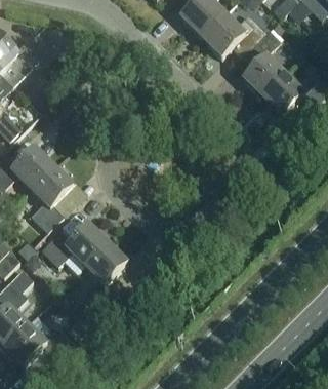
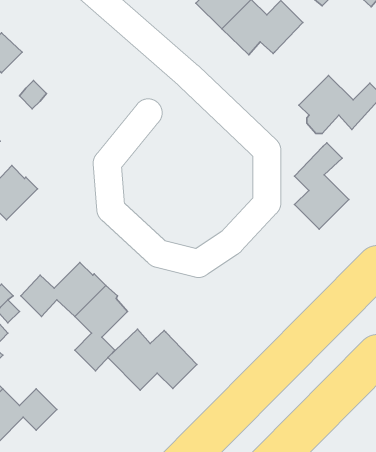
building: [243,27,286,95] -> [295,143,349,229]
building: [30,162,73,230] -> none
building: none -> [108,329,197,390]

